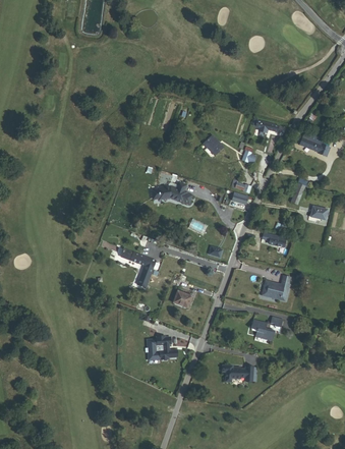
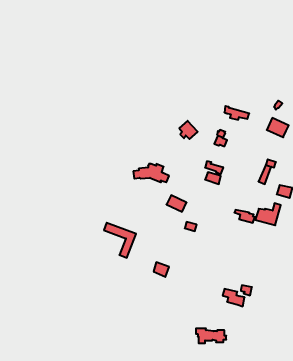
building: [262,276,290,300] -> [255,203,281,225]
building: [145,335,177,359] -> none

